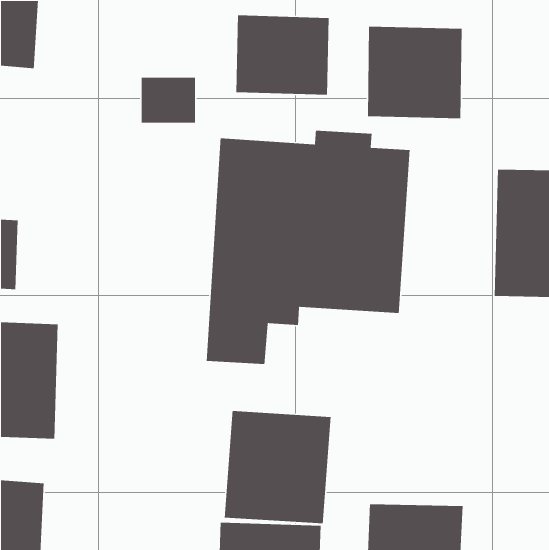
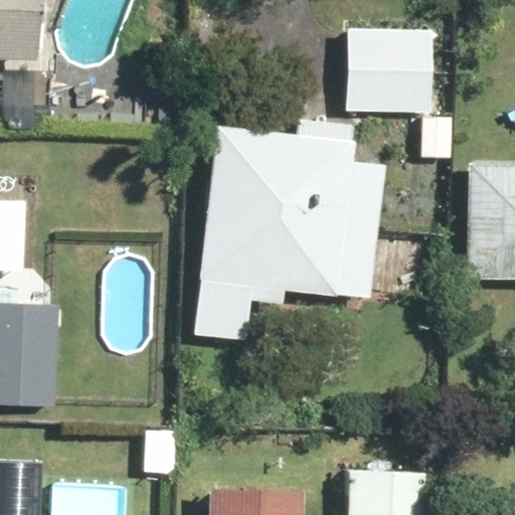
building: [236,14,330,96] -> none
building: [224,410,331,524] -> none

